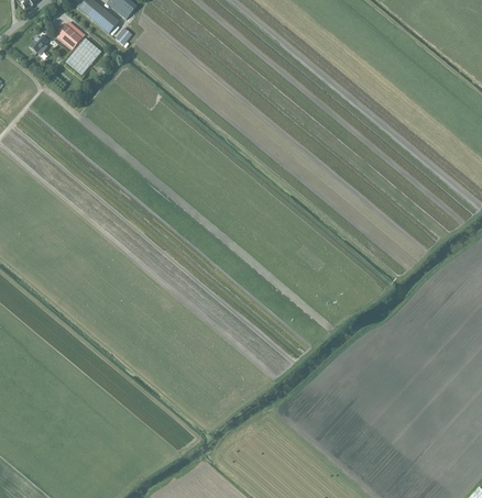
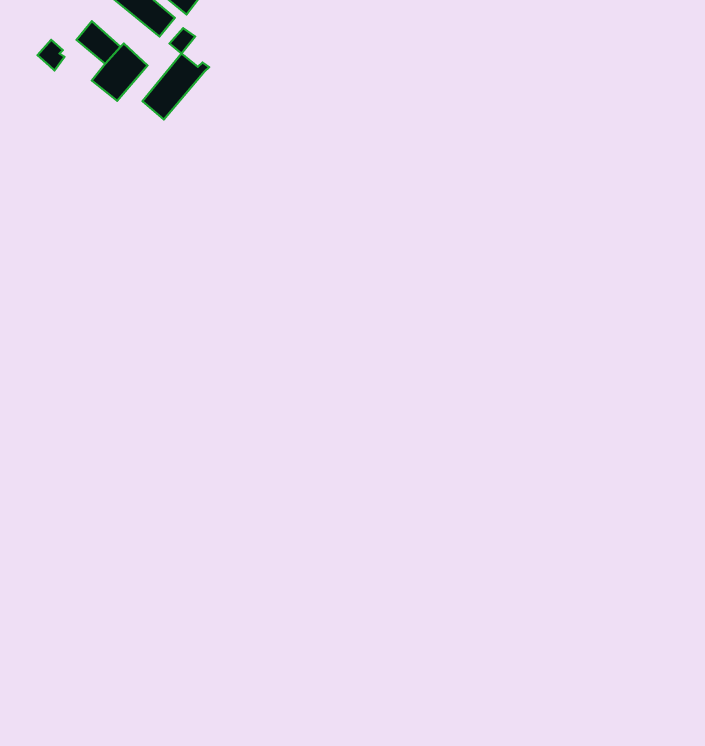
building: none -> [142,54,209,120]

